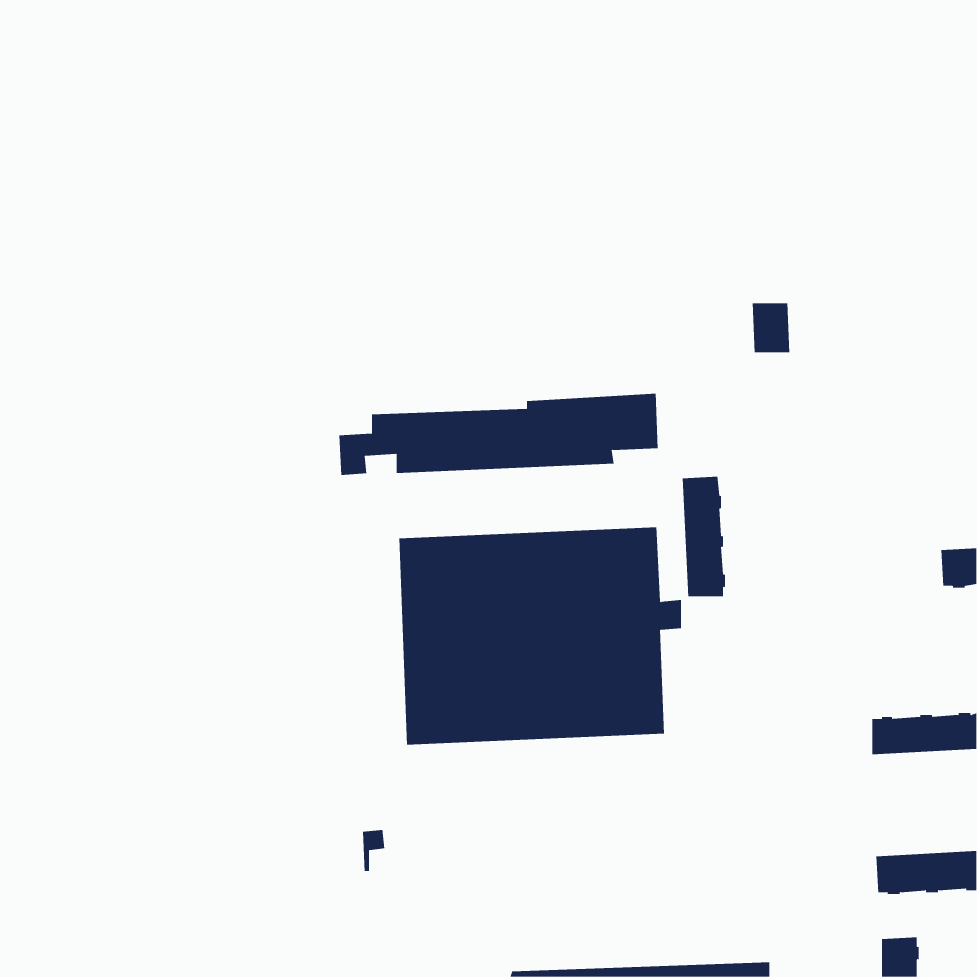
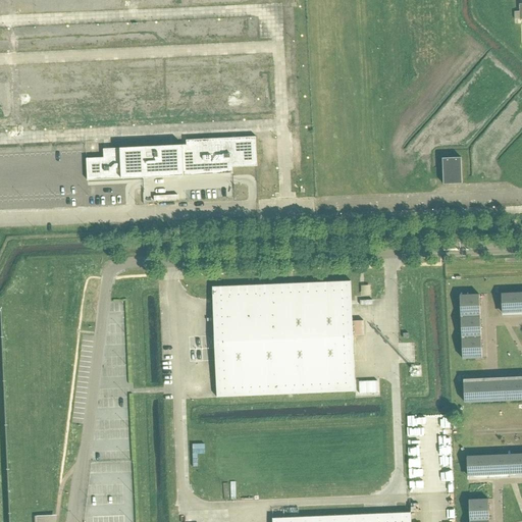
building: [752,303,790,353] -> [441,157,462,184]
building: [339,393,658,475] -> [86,136,256,179]
building: [682,476,726,597] -> [459,294,482,358]

